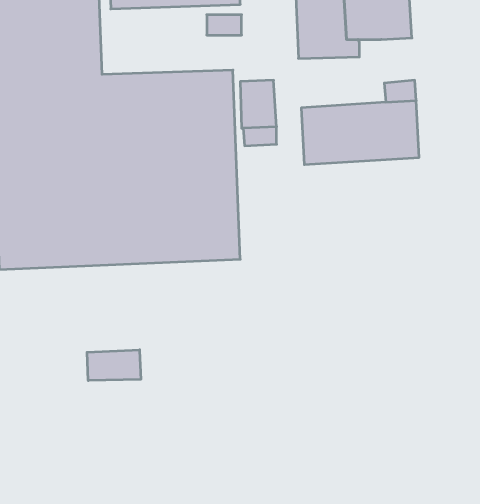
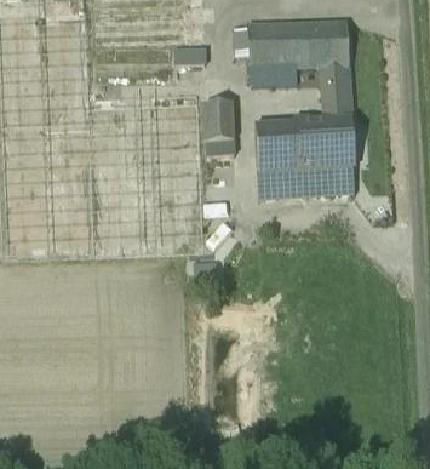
building: none -> [322,65,350,103]
building: none -> [258,165,355,199]
building: [87,350,141,381] -> none

